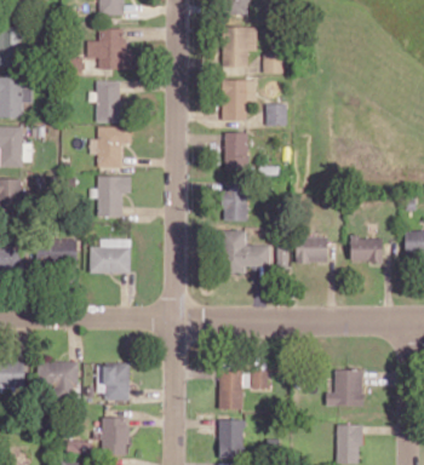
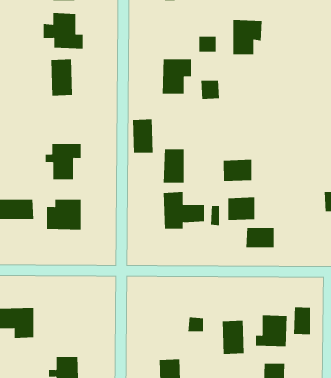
building: [223,27,257,67] -> [233,20,263,55]
building: [90,126,131,167] -> none
building: [224,132,248,171] -> [132,119,154,153]
building: none -> [223,159,252,182]
building: [350,237,383,260] -> [246,228,274,248]
building: none -> [294,306,311,335]
building: [97,364,130,400] -> none
building: [218,371,243,409] -> [222,320,244,354]

